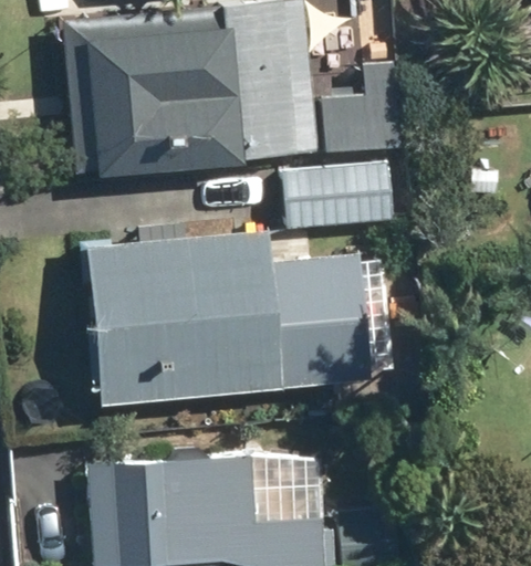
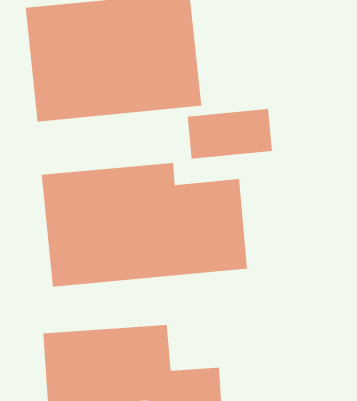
building: [321,65,419,154] -> none

